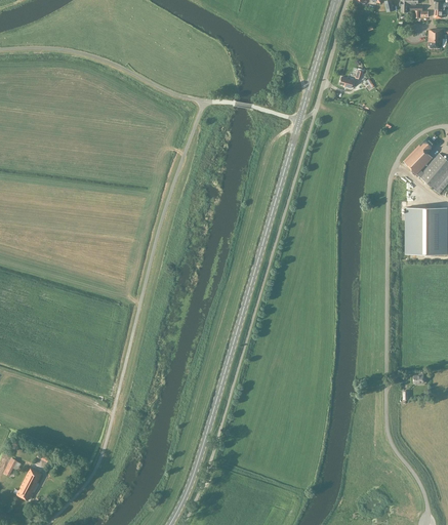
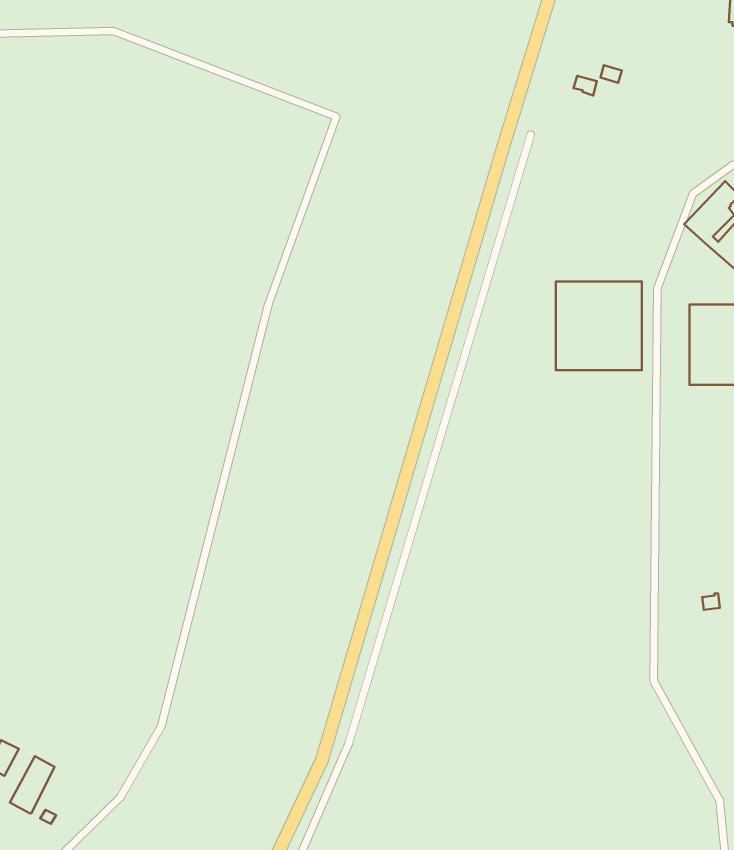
building: none -> [556,281,642,370]

